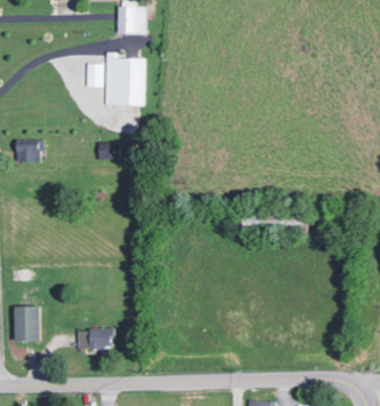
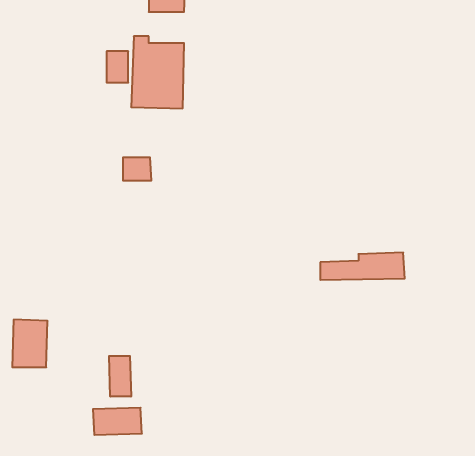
building: [16,140,45,162] -> none
building: none -> [109,356,131,397]
building: [14,306,41,341] -> [12,320,48,367]

